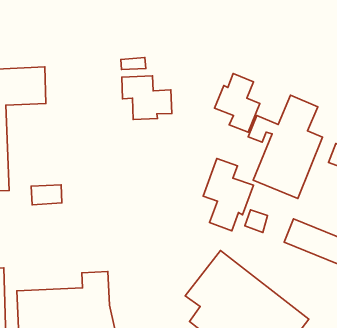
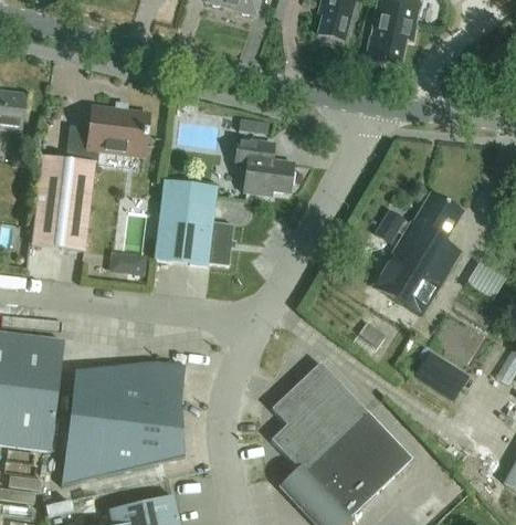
building: [215,74,260,132] -> none
building: none -> [152,179,232,265]
building: [203,159,253,231] -> none

